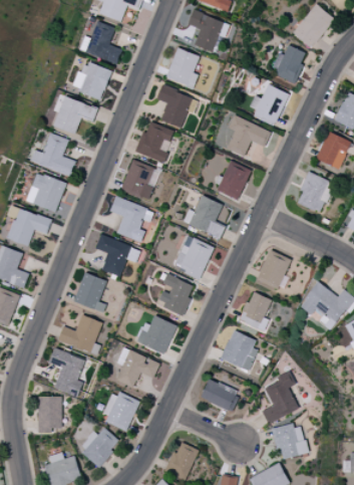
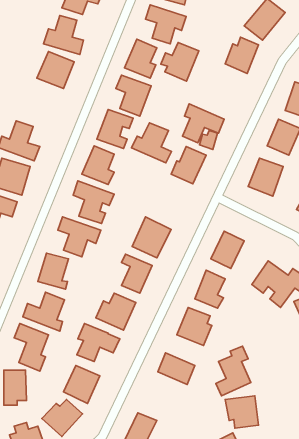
building: [249,84,289,126] -> [161,42,199,81]
building: [54,96,97,135] -> none
building: [183,196,225,238] -> [132,123,171,163]

